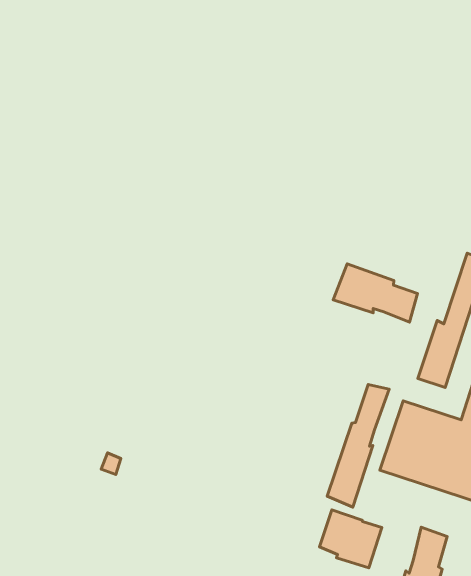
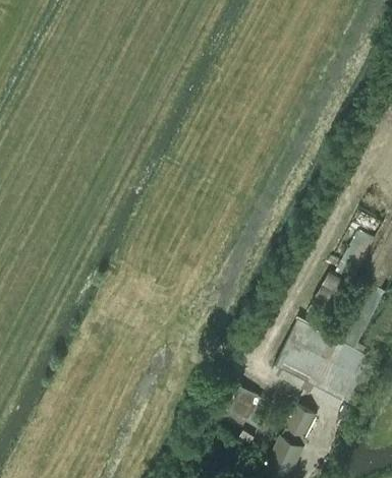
building: [333,264,418,322] -> none
building: [327,385,389,507] -> none

